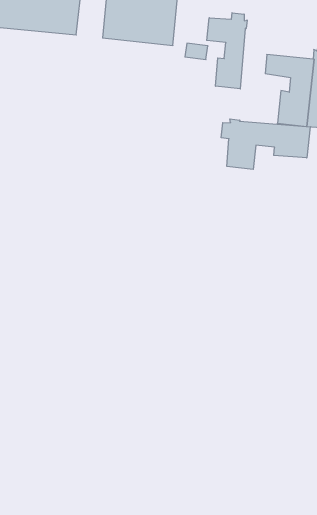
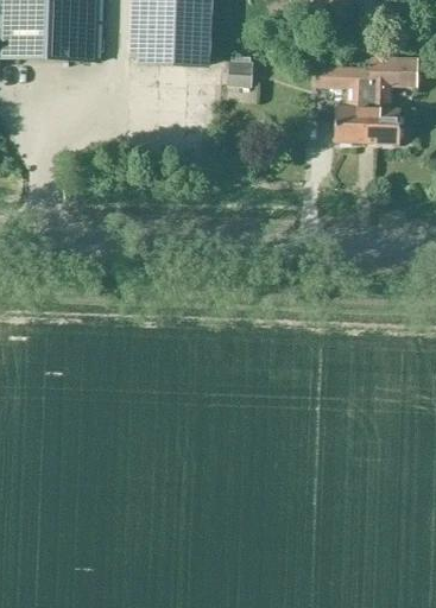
building: [207,13,247,89] -> none
building: [221,119,310,169] -> none

